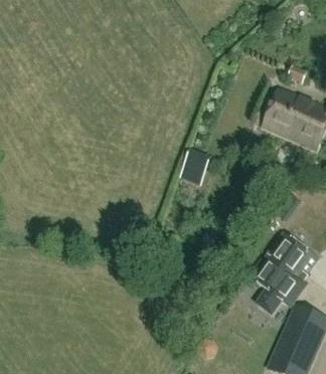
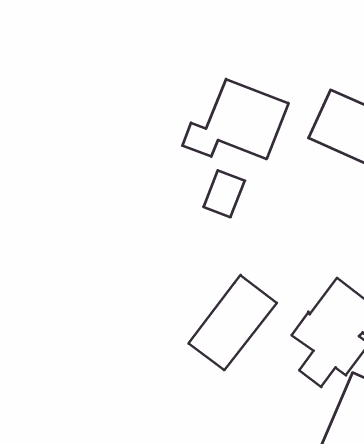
building: none -> [182,79,288,159]
building: none -> [189,275,277,370]

